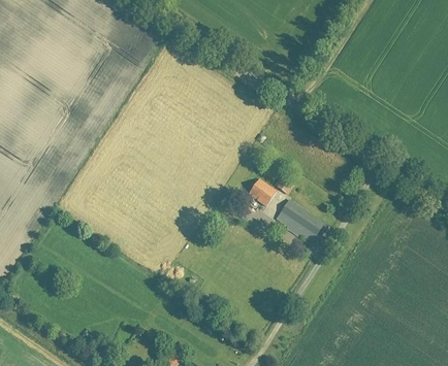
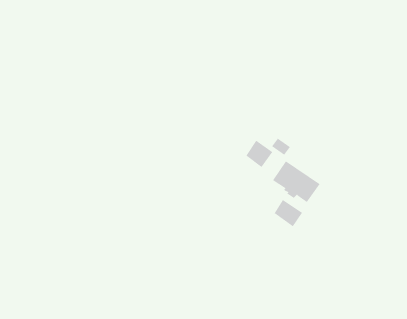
building: none -> [274,199,303,227]

